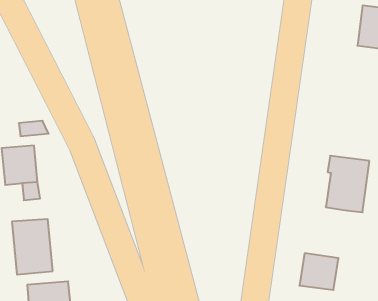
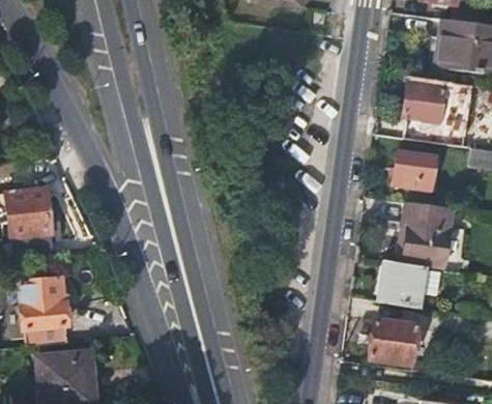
building: none -> [403,81,443,120]
building: none -> [393,152,435,187]
building: none -> [380,260,427,307]

